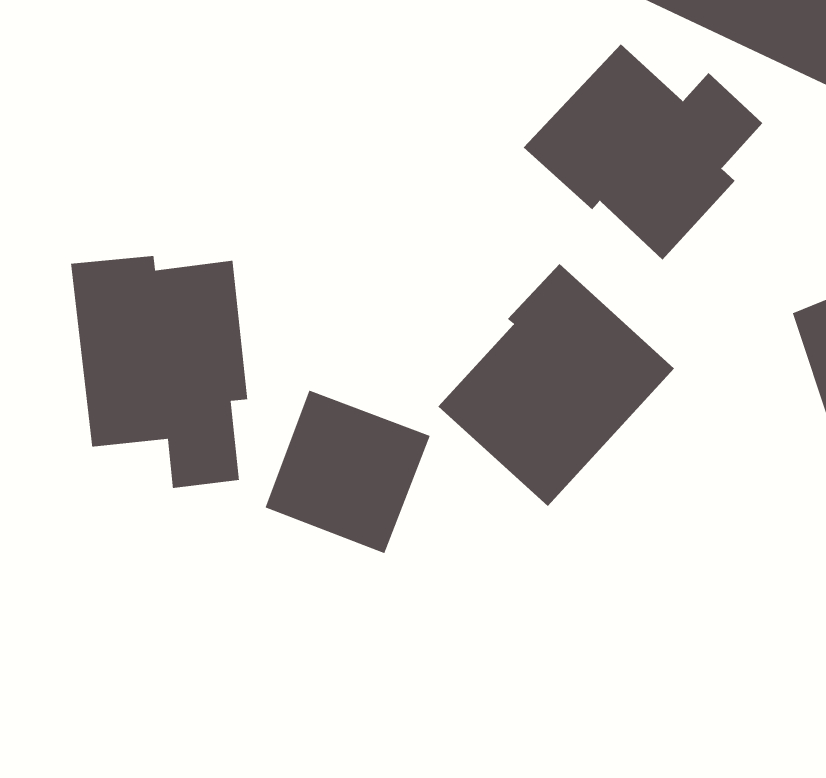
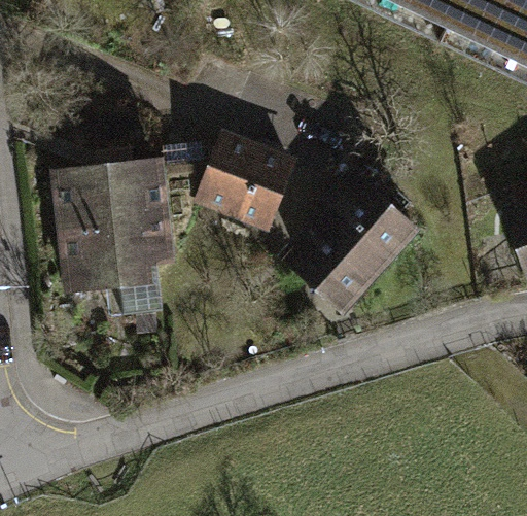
building: [523,44,763,261] -> none
building: [264,389,431,554] -> [202,132,306,235]

